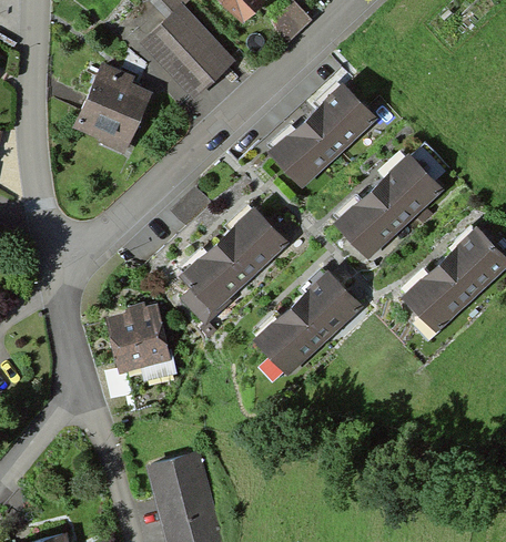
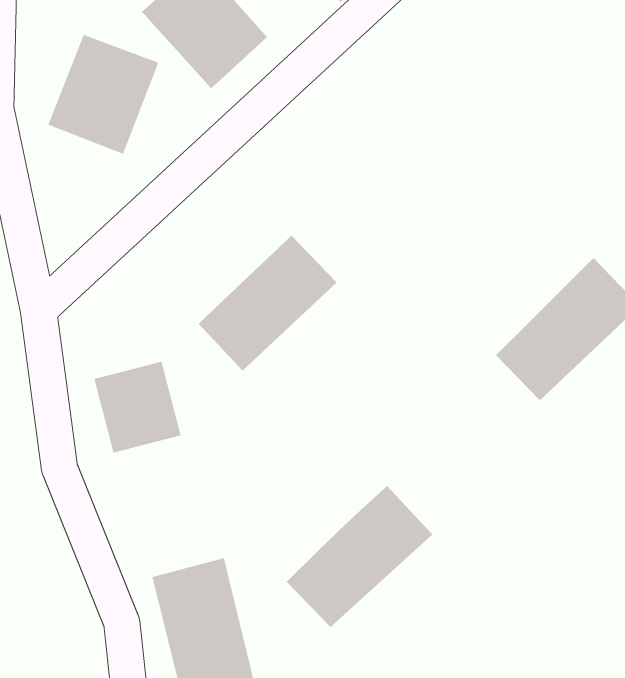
building: [267,83,377,188] -> none
building: [334,153,444,260] -> none
building: [254,269,364,376] -> [286,485,433,628]

